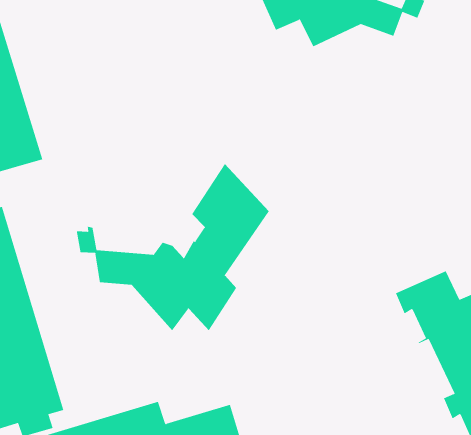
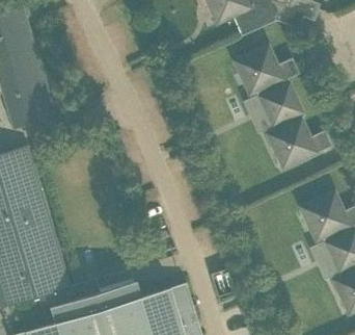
building: none -> [231,44,331,169]
building: [76,163,270,331] -> none

